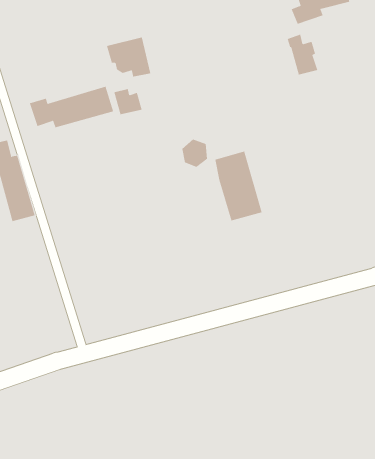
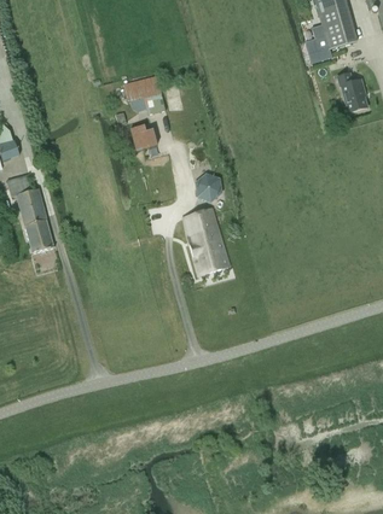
building: [287,34,318,75] -> [337,71,367,111]
building: [29,86,114,128] -> none
building: [215,151,262,221] -> [182,206,228,274]

